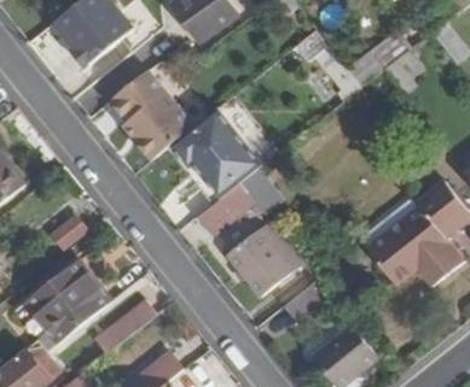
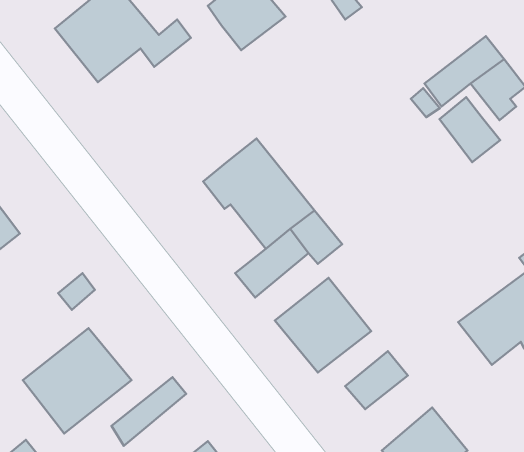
building: [106,74,187,163] -> none
building: none -> [439,97,500,162]

